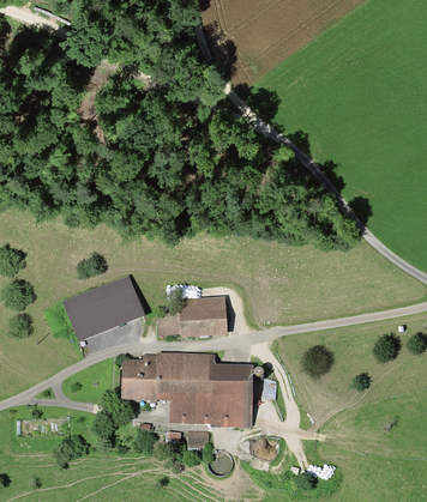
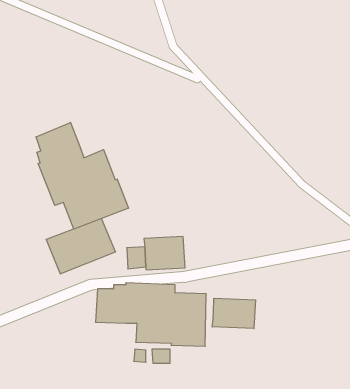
building: none -> [36,122,129,229]
building: none -> [212,298,255,329]

